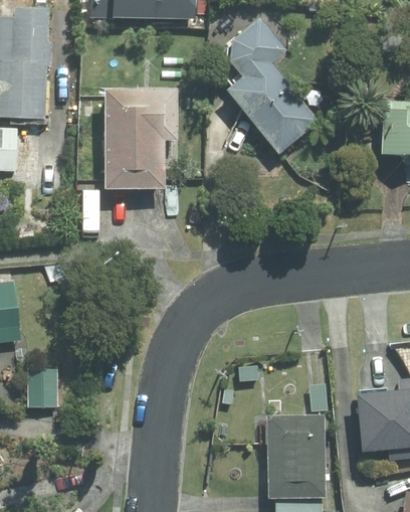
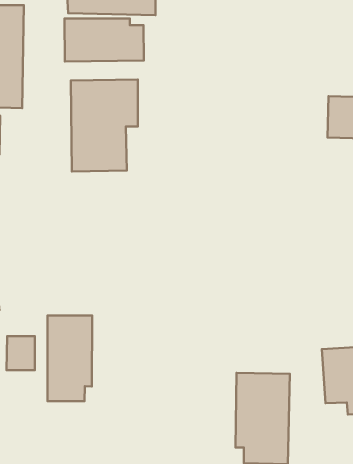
building: [219,19,316,157] -> none
building: none -> [64,18,144,61]
building: none -> [47,315,92,401]

